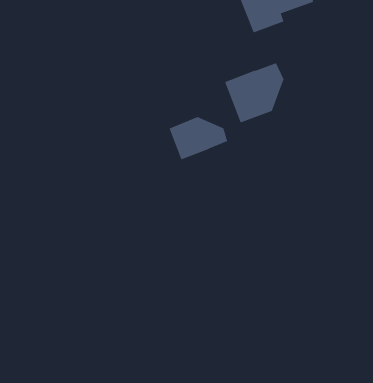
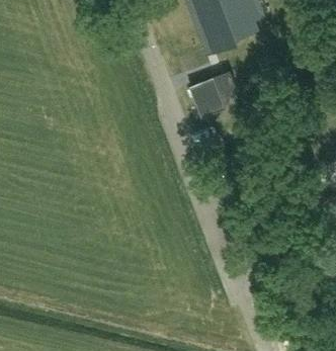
building: [169,116,228,160] -> none

